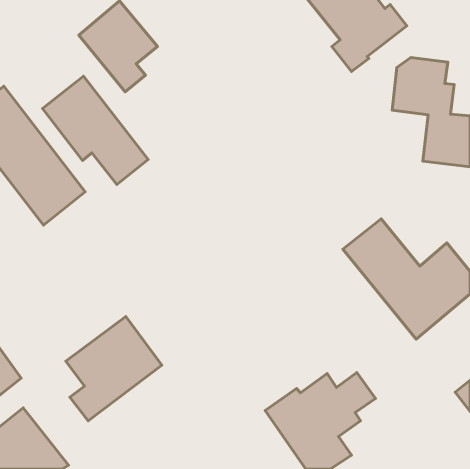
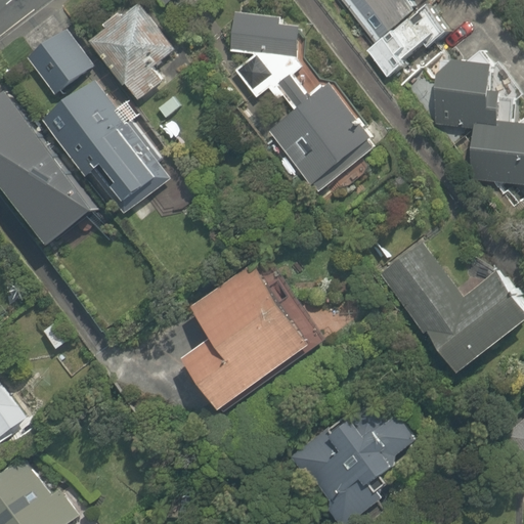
building: none -> [229,11,368,184]
building: none -> [26,28,90,93]
building: none -> [182,254,324,408]
building: [66,317,162,421] -> none

